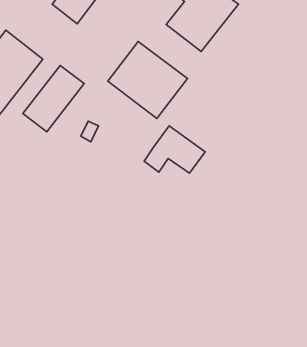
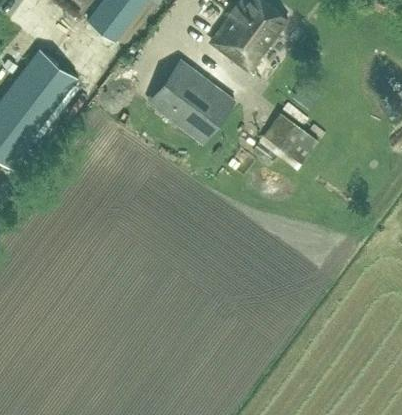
building: [23,65,84,132] -> none
building: [144,126,205,173] -> [253,113,319,164]

